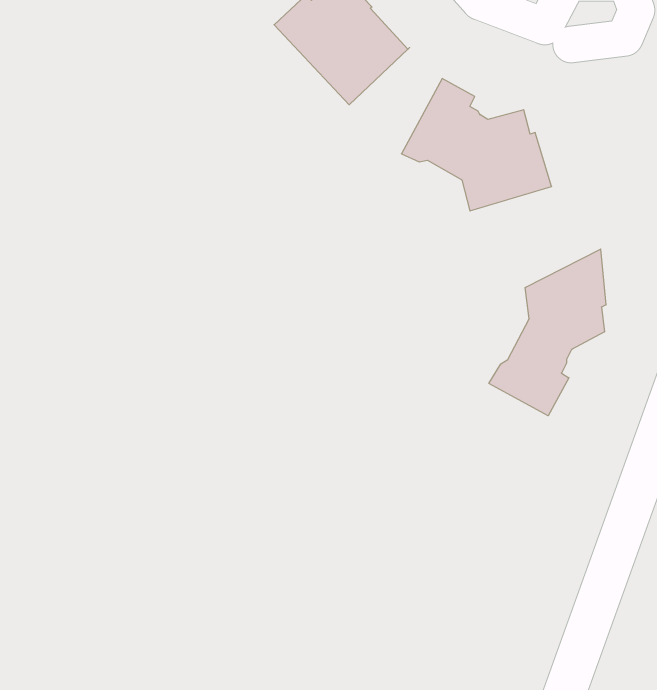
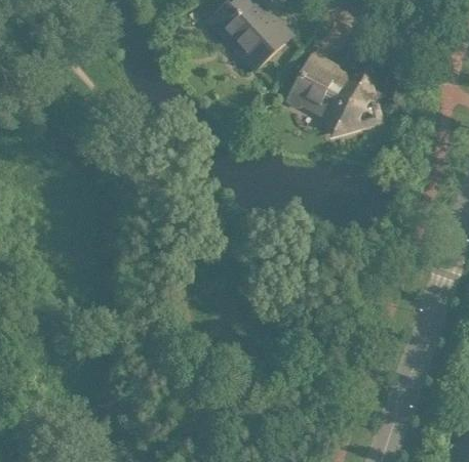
building: [489,249,606,416] -> none

